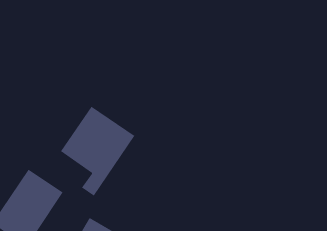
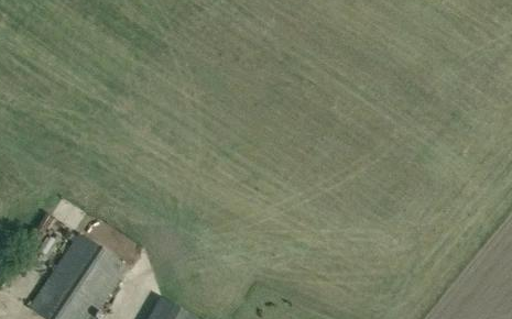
building: [60,106,135,196] -> none

